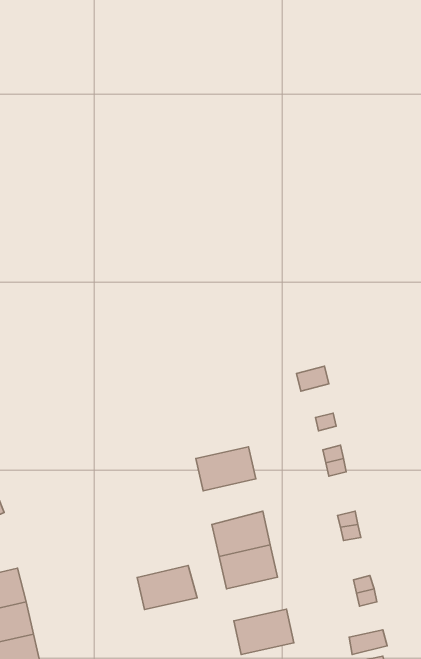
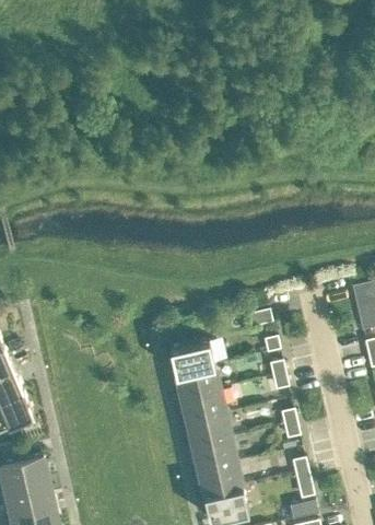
building: none -> [169,340,214,374]
building: none -> [180,389,225,423]
building: [137,566,197,610] -> [198,463,243,495]

